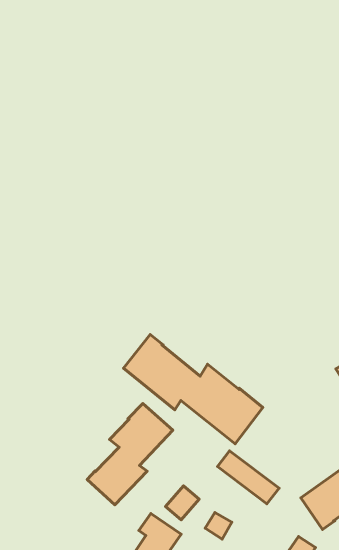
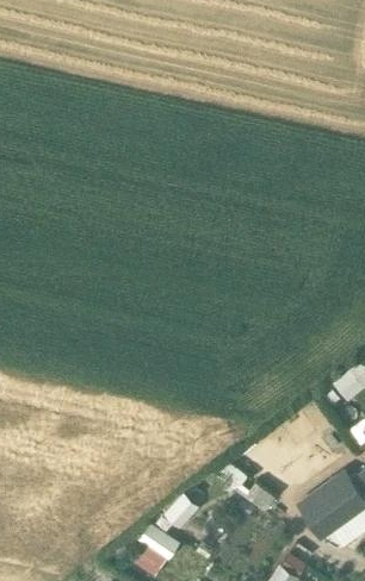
building: [124,335,263,444] -> none
building: [87,403,173,505] -> none

